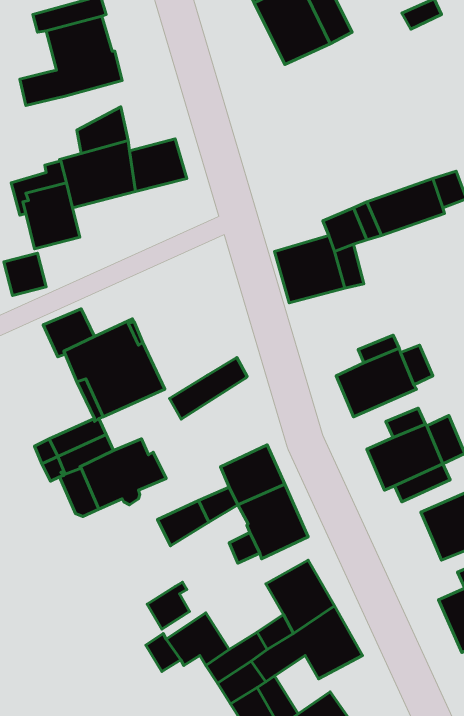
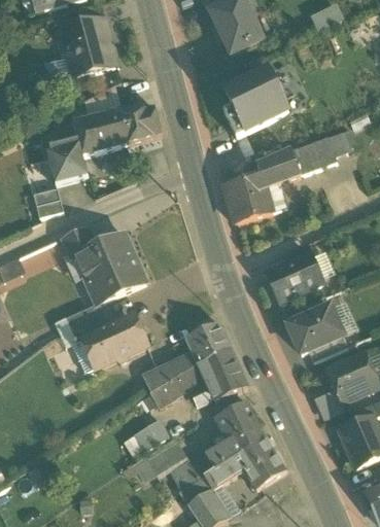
building: none -> [223,70,287,136]
building: [169,358,247,419] -> [150,364,205,408]
building: none -> [314,389,345,420]

